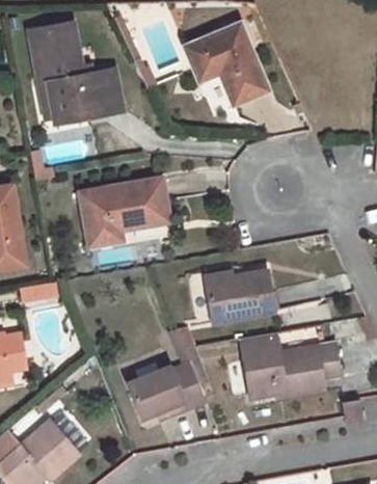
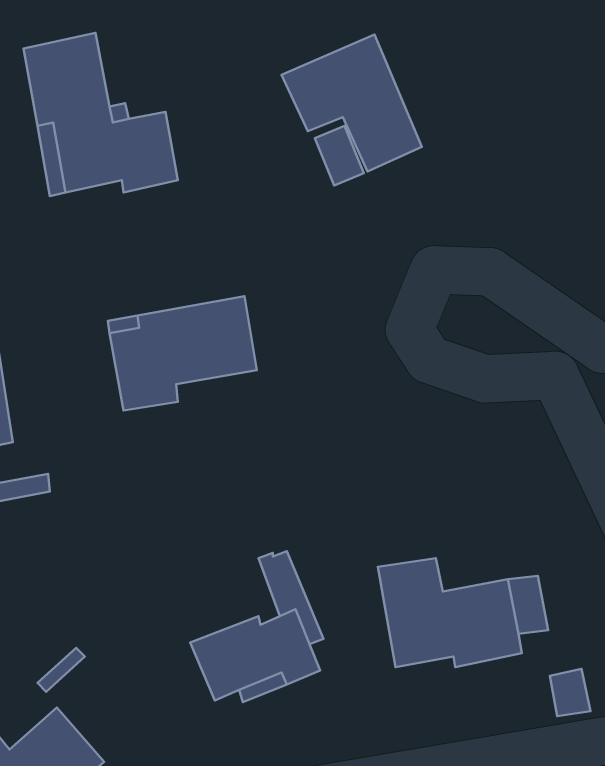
building: [205,269,275,322] -> none

